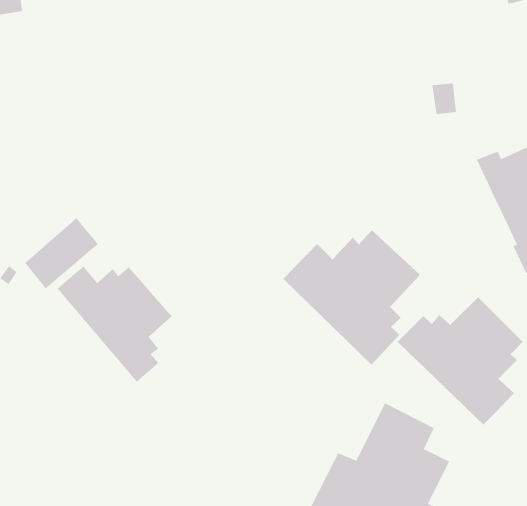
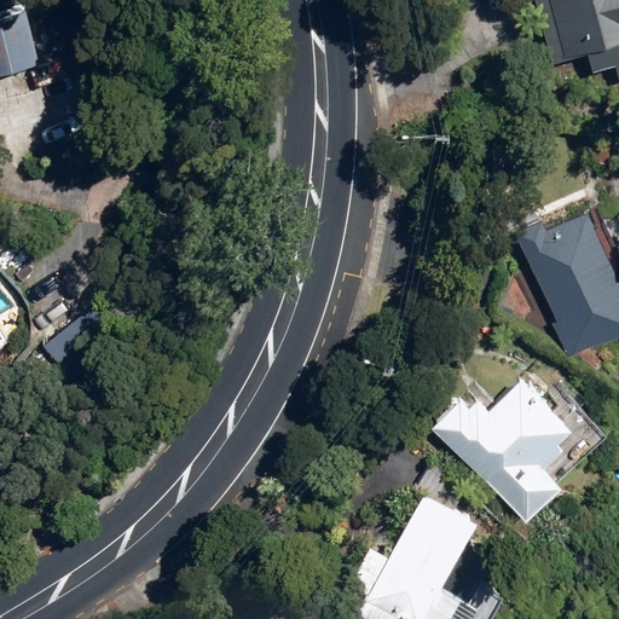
building: [283,230,421,365] -> none
building: [56,265,173,383] -> none

